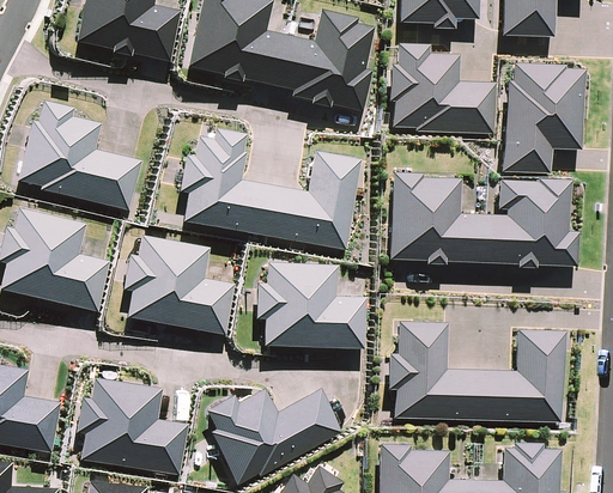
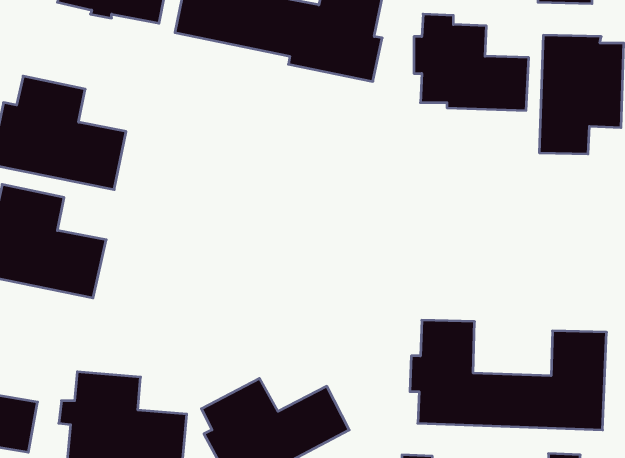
building: [170,124,362,249] -> none
building: [393,178,579,268] -> none
building: [120,233,235,327] -> none
building: [245,257,362,349] -> none

